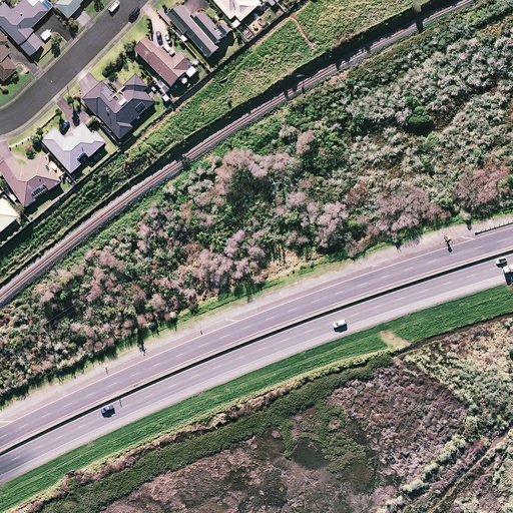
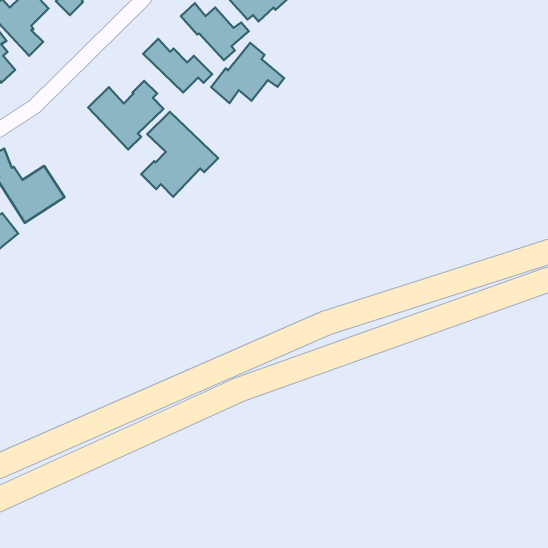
building: none -> [211,43,284,103]
building: none -> [141,112,218,197]
building: [40,123,104,173] -> none

